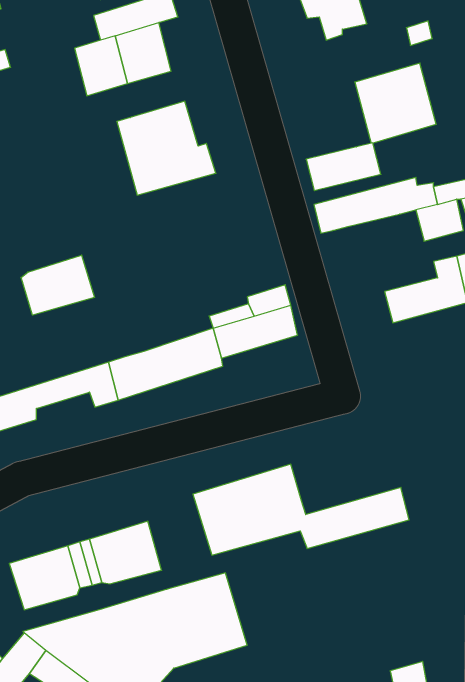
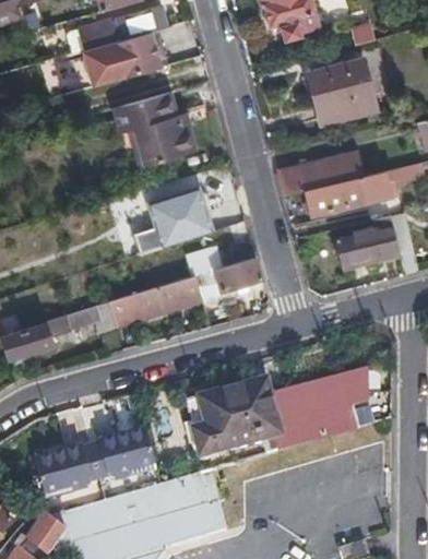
building: [306,143,381,191] -> [305,178,365,216]
building: none -> [152,186,214,243]
building: [21,255,95,315] -> none
building: none -> [266,368,361,423]

